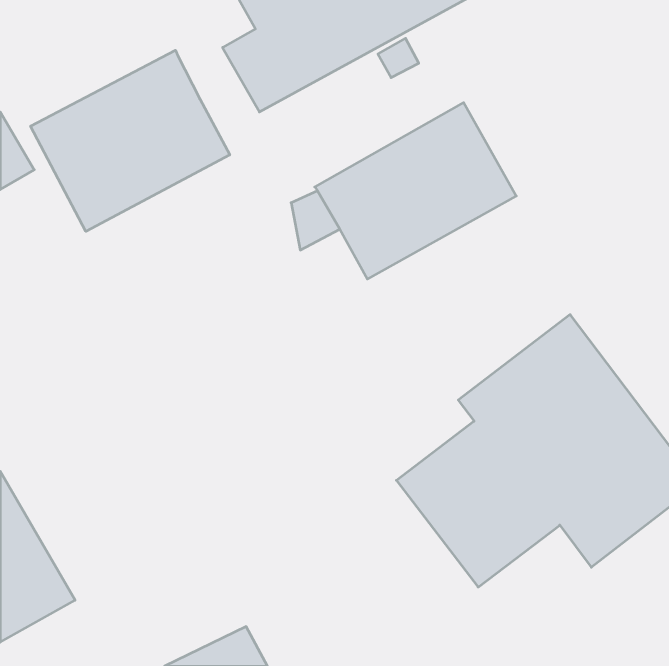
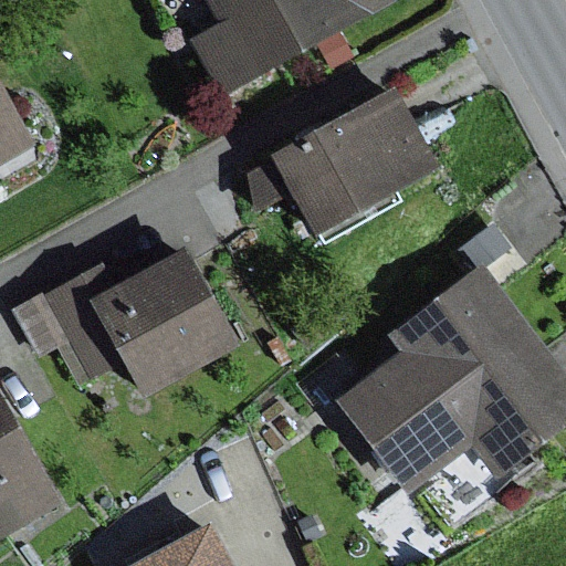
building: [31,50,230,231] -> none
building: none -> [44,248,238,401]

